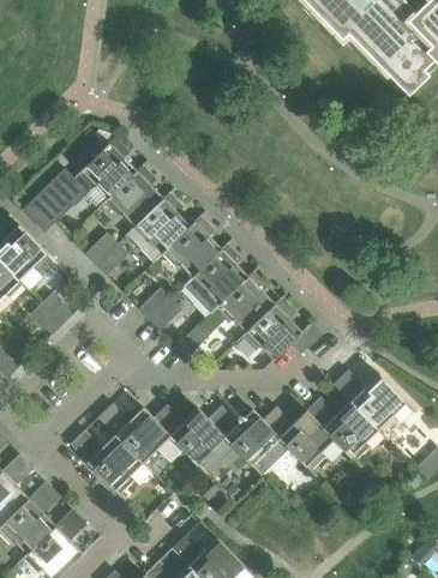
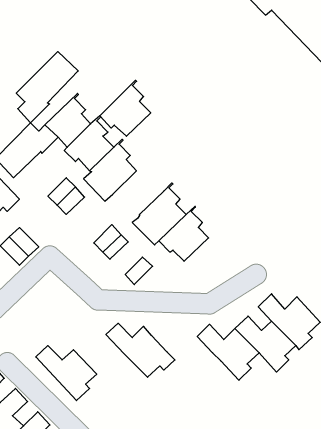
building: none -> [16,52,78,123]
building: [161,210,221,276] -> [100,80,151,136]
building: [242,294,323,360] -> none
building: [97,403,174,468] -> none
building: [206,405,288,475] -> none

